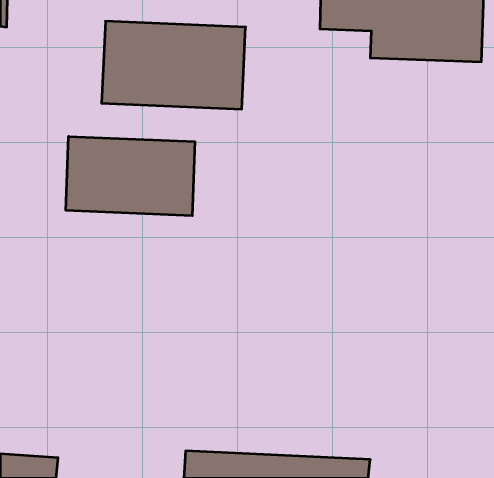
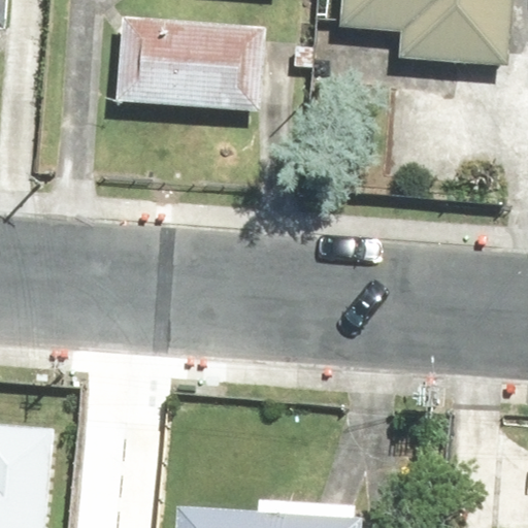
building: [66,136,195,216] -> none

